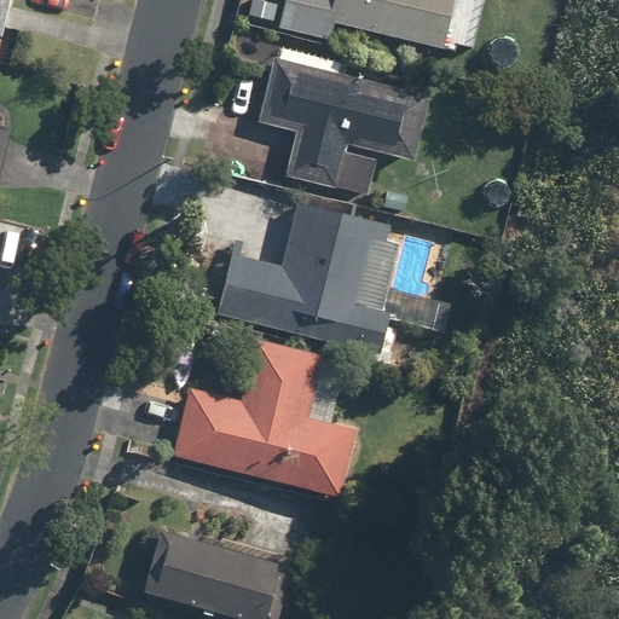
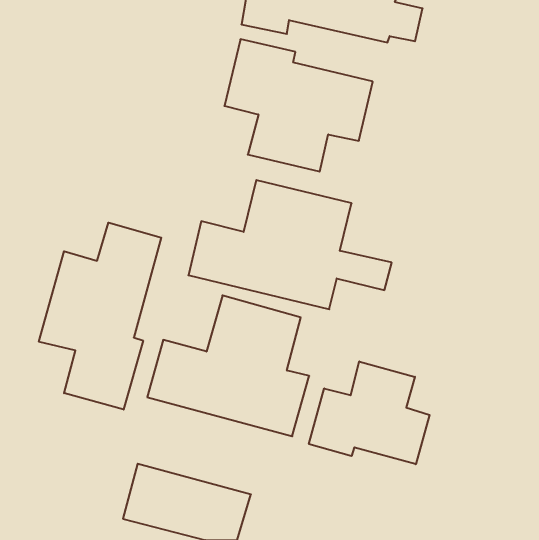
building: none -> [39,223,161,410]
building: none -> [309,361,430,464]

